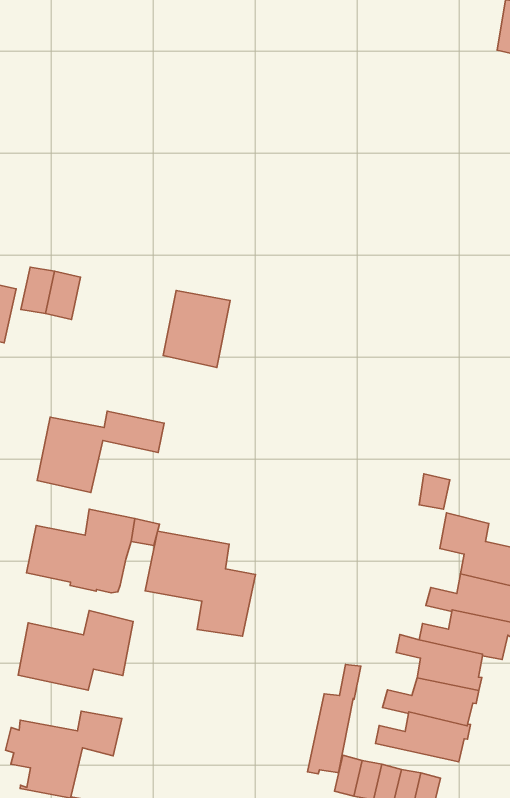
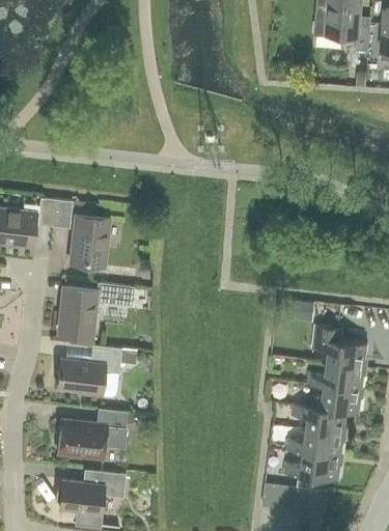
building: [163,290,230,368] -> [70,218,108,263]
building: [145,531,255,636] -> none
building: [307,665,361,774] -> none

